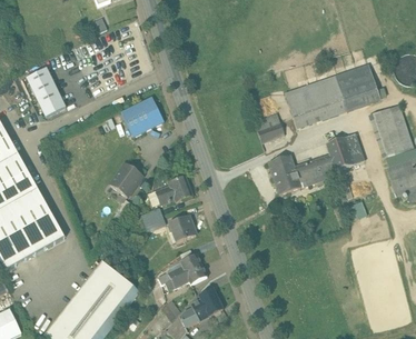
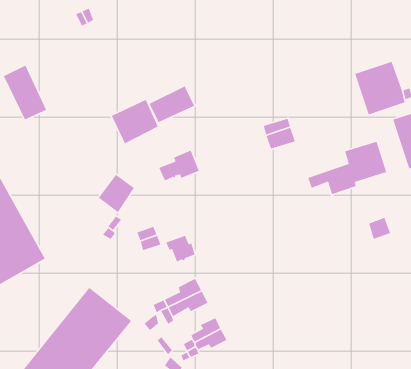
building: [284,74,347,128] -> none
building: none -> [148,85,195,123]
building: [268,154,315,193] -> none
building: [156,176,192,203] -> [158,150,200,181]

